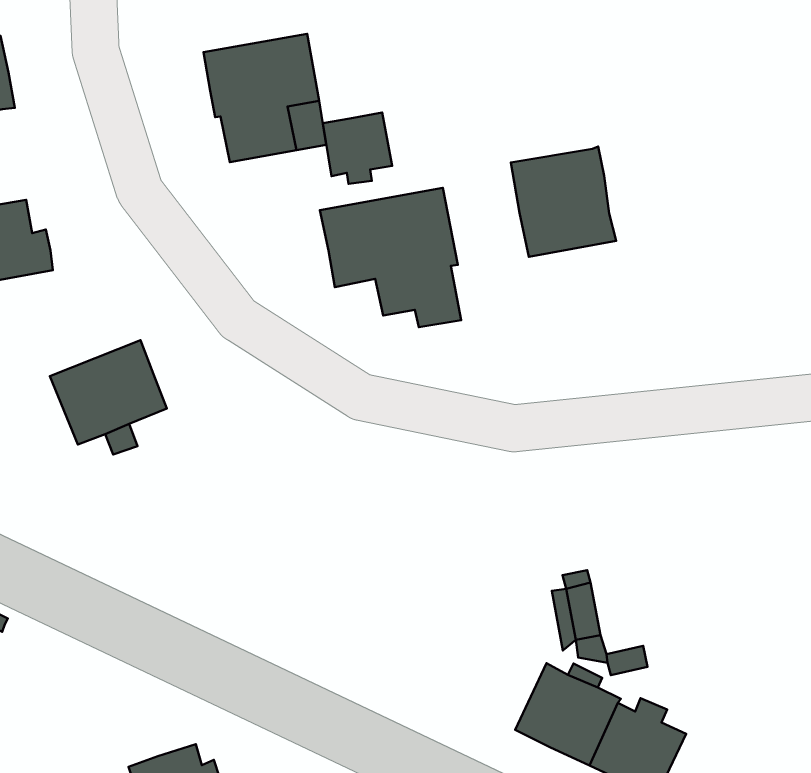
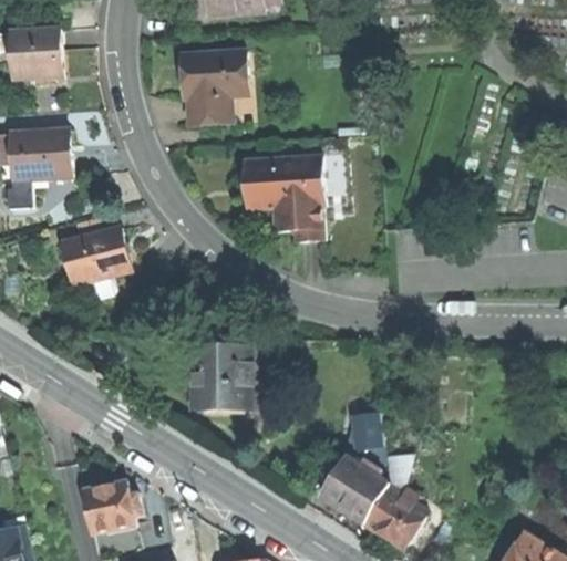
building: [323,112,392,184] -> none
building: [511,147,616,257] -> none
building: none -> [188,343,268,412]

